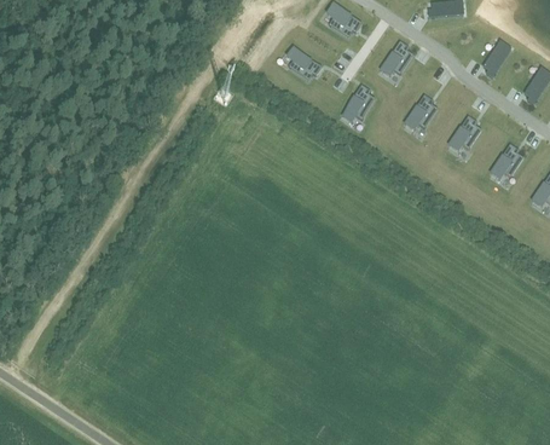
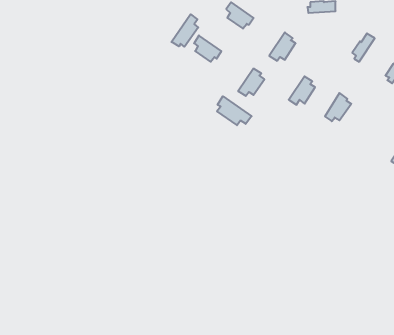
building: none -> [171,14,198,47]
building: none -> [217,96,252,125]
building: [490,145,522,179] -> none

